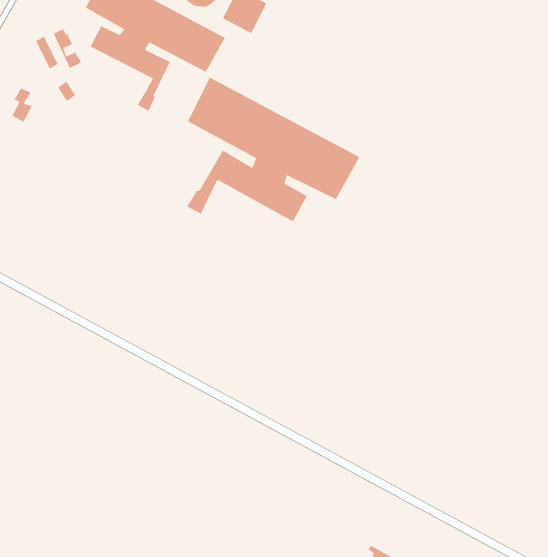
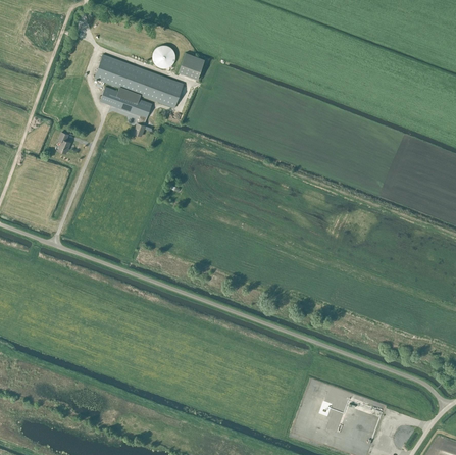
building: [186,77,360,223] -> none

